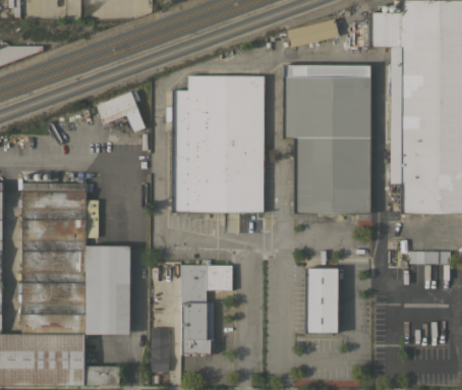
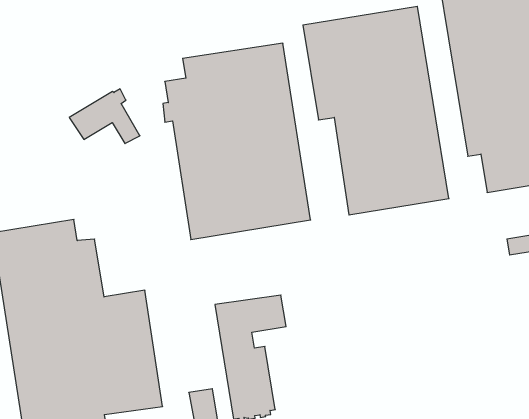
building: [304,267,338,333] -> none

